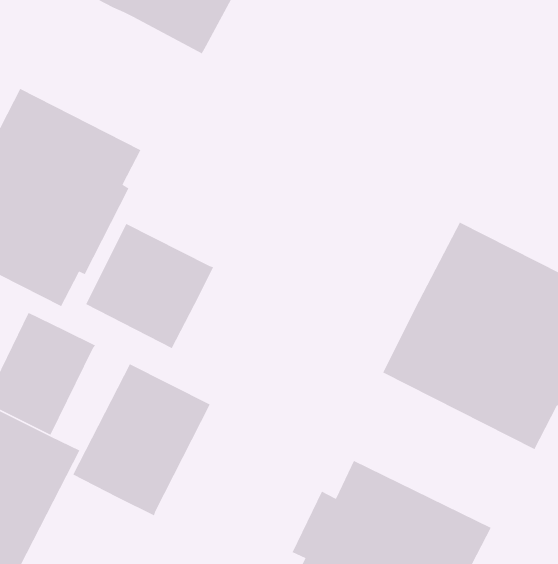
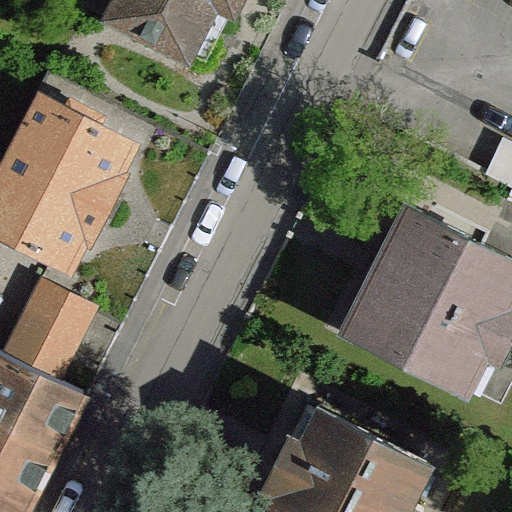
building: [85,223,214,349] -> none
building: [72,363,211,517] -> none

